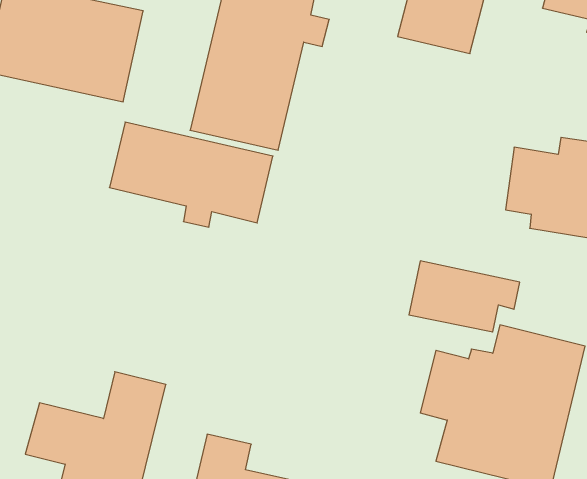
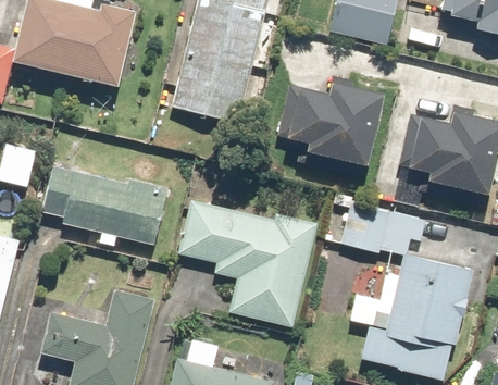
building: none -> [291,79,385,163]
building: [109,122,273,227] -> [39,167,164,248]
building: none -> [178,203,315,324]

